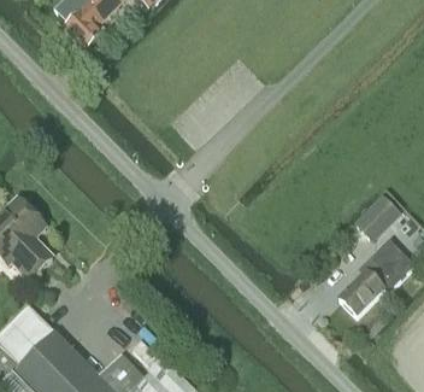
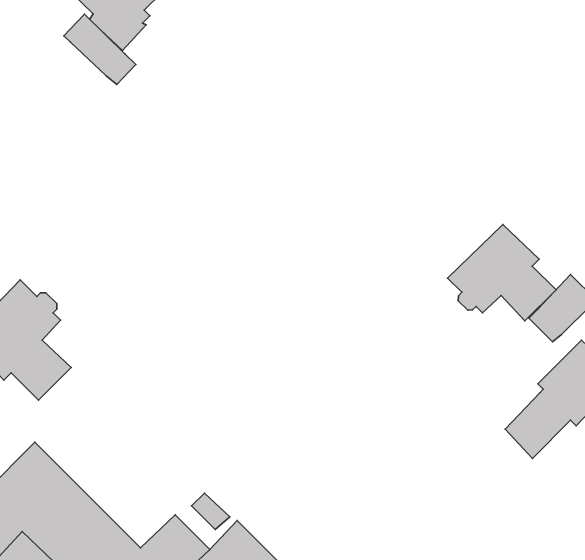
building: none -> [64,14,136,85]
building: none -> [448,225,556,321]

